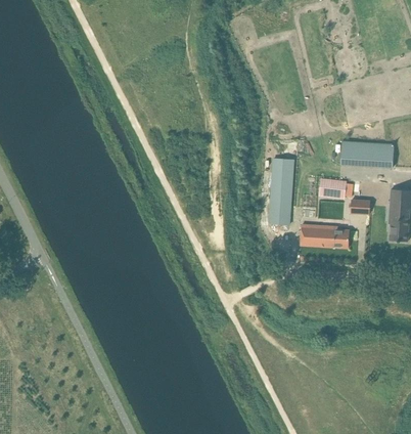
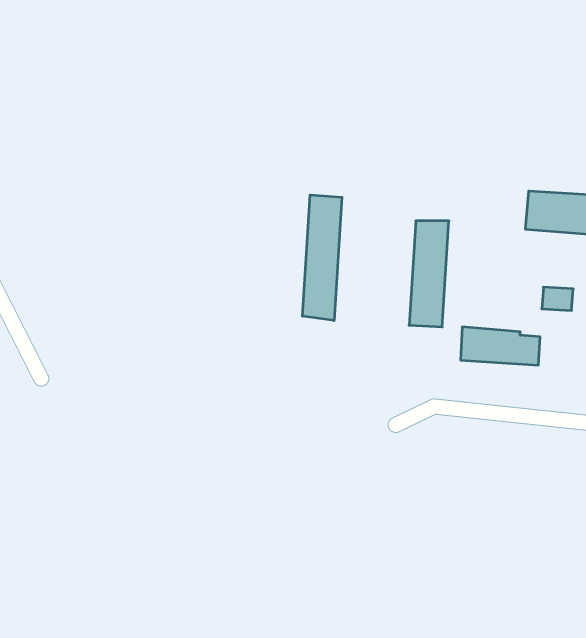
building: none -> [303,195,342,321]
building: [319,178,346,198] -> none

